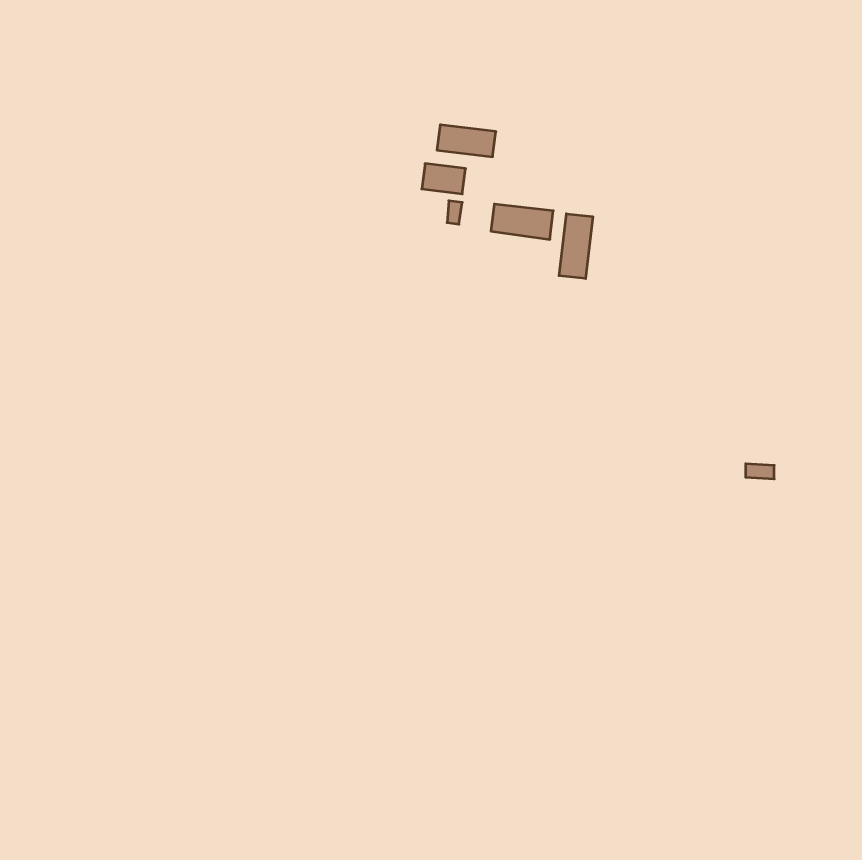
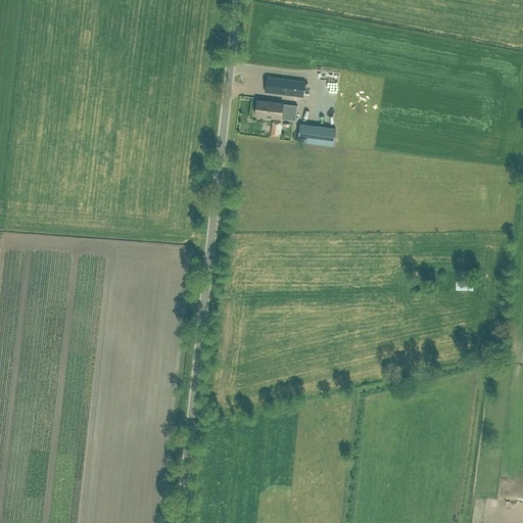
building: [559,214,593,279] -> none

